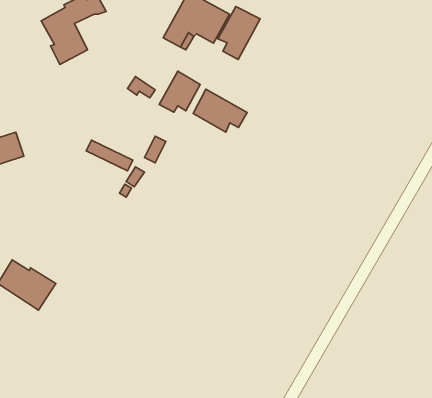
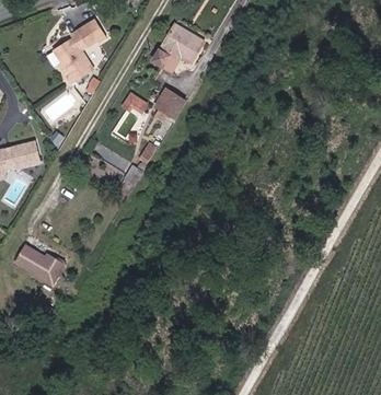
building: [218,6,260,60] -> none
building: [193,89,247,132] -> none

